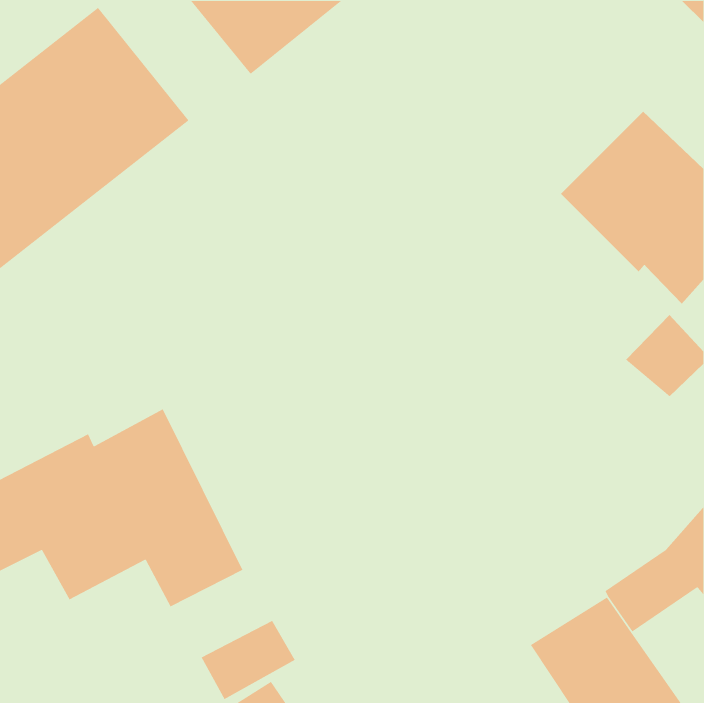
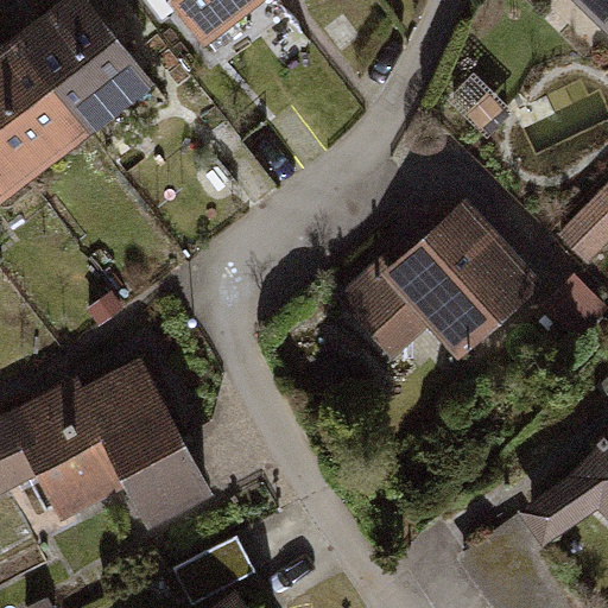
building: none -> [335,196,542,360]

